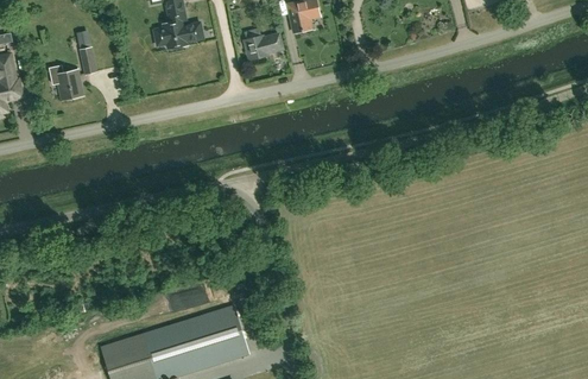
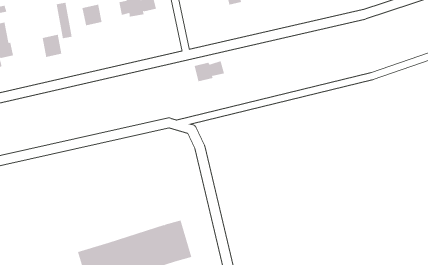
building: none -> [82,4,102,26]
building: [244,32,283,59] -> [194,60,225,82]

